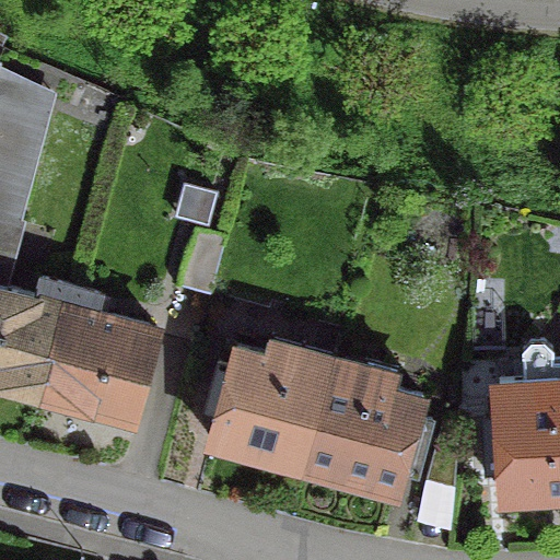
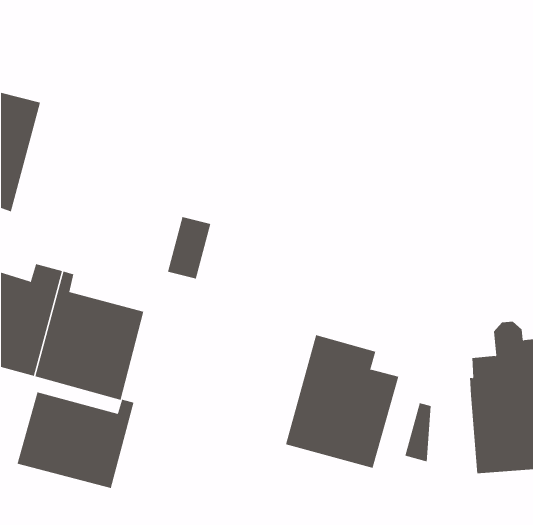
building: [207,342,331,475] -> none
building: none -> [17,392,134,489]

